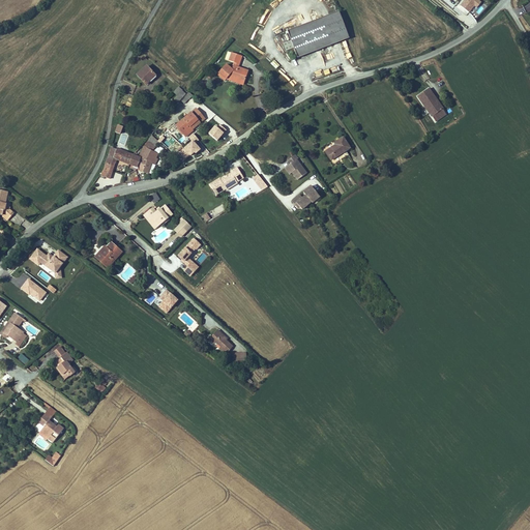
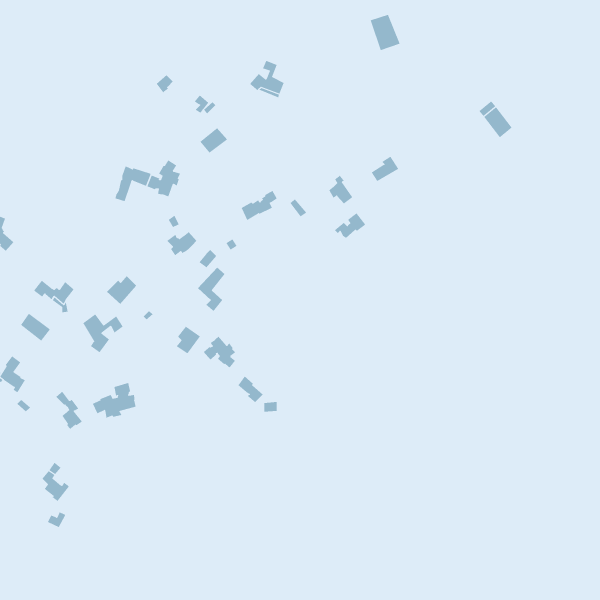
building: [285,18,333,58] -> none
building: none -> [83,314,123,353]
building: none -> [203,336,236,368]
building: none -> [92,382,136,418]

